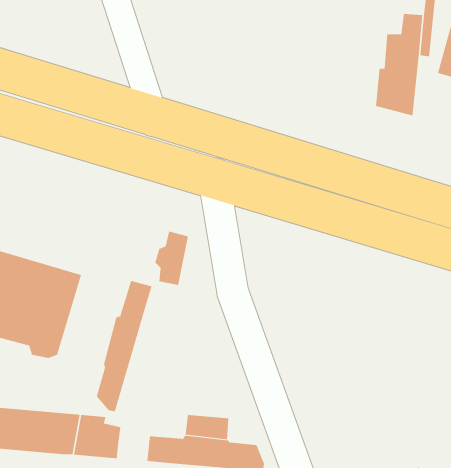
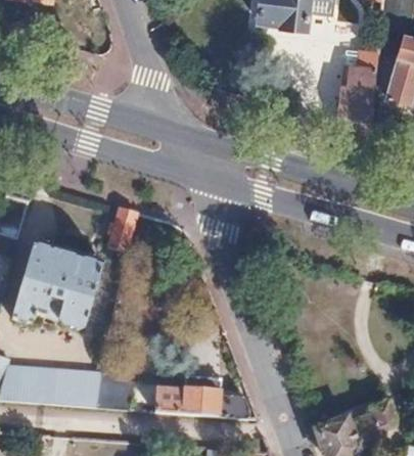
building: [155,231,189,285] -> [106,207,134,250]
building: [96,280,152,412] -> none

